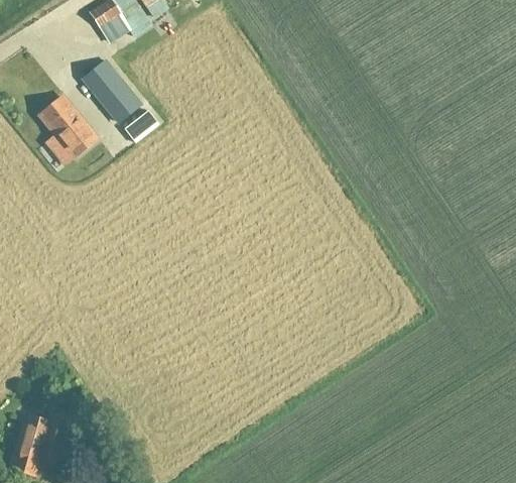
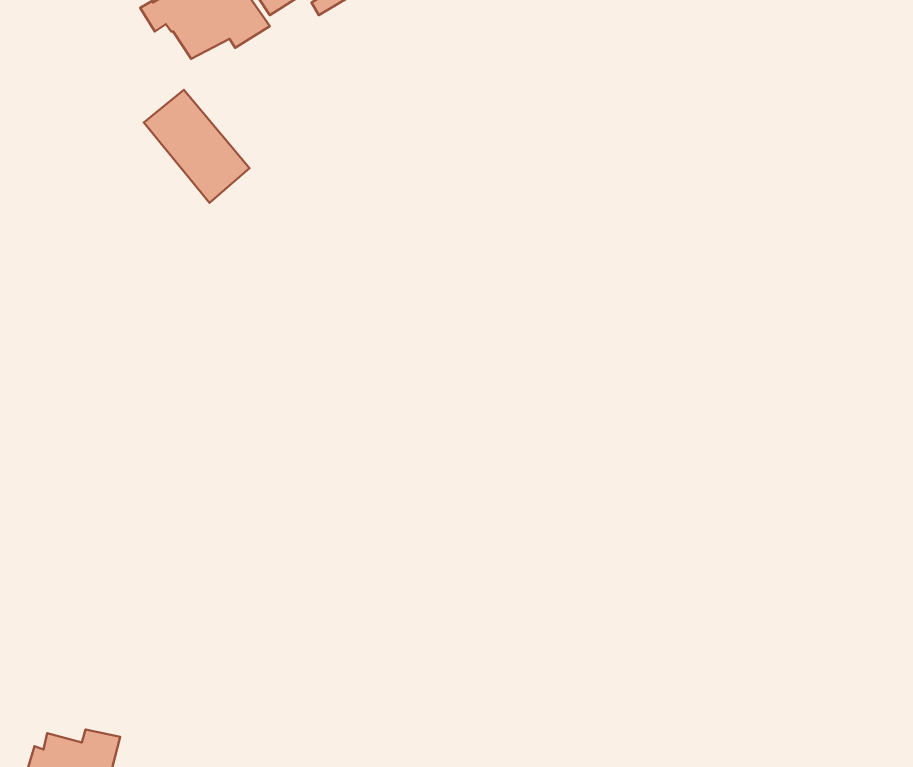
building: [39,97,95,156] -> none
building: [123,111,157,143] -> none

